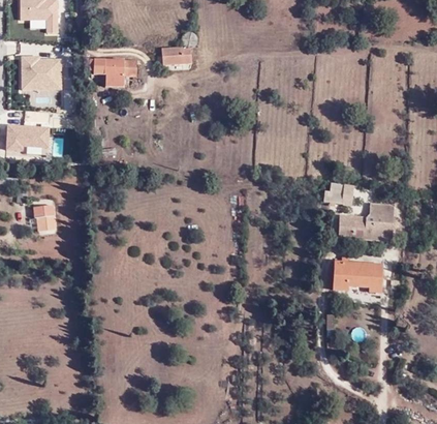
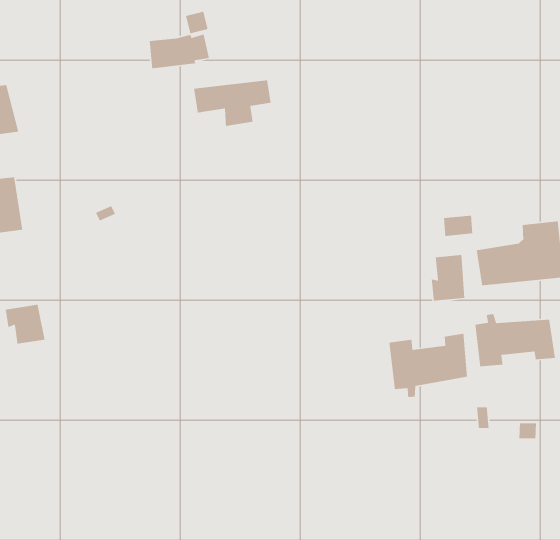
building: [87,58,135,86] -> [193,80,272,127]
building: none -> [431,254,465,302]
building: none -> [389,333,468,398]

